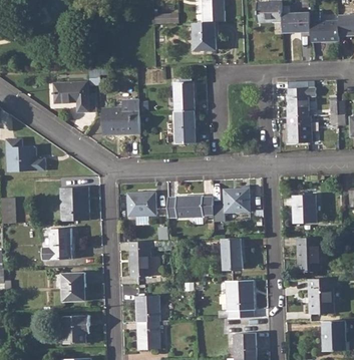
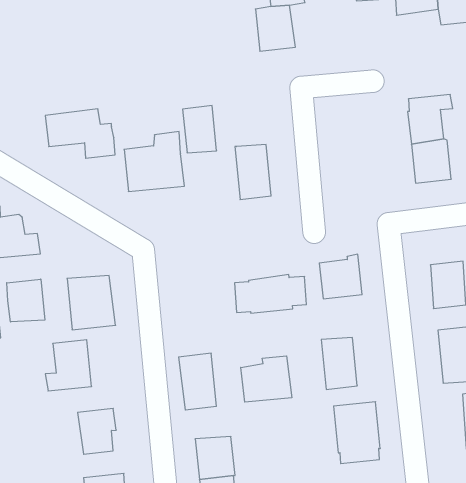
building: [174,81,195,110] -> [183,106,217,153]
building: none -> [7,279,45,322]
building: [128,193,157,217] -> none
building: none -> [241,356,292,402]

